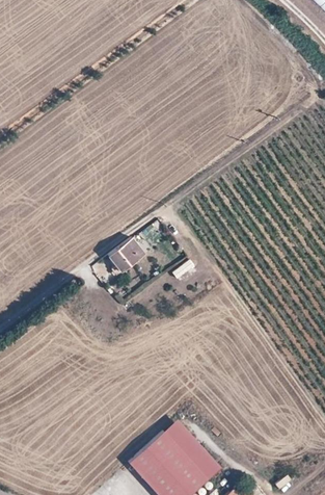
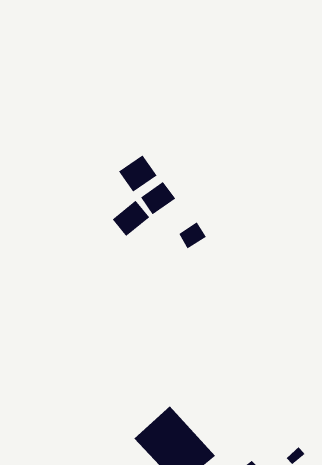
building: none -> [118,154,157,193]
building: [163,419,220,479] -> none

